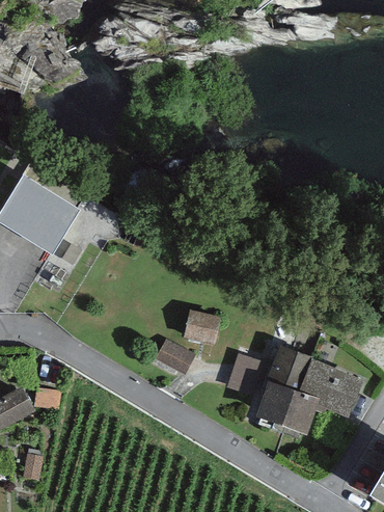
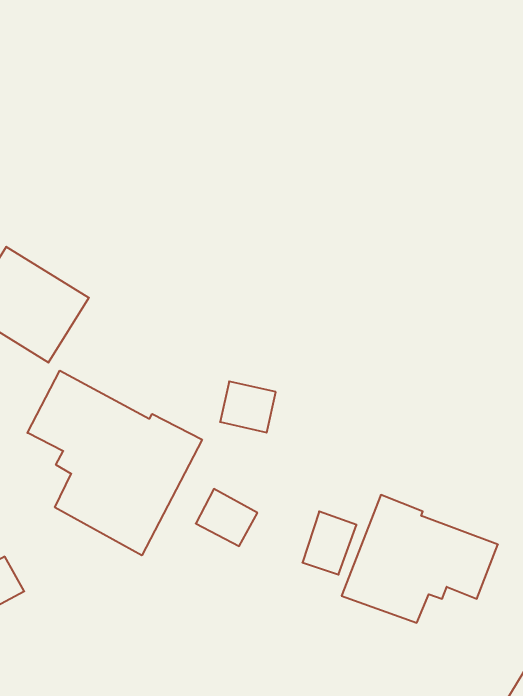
building: none -> [27,371,202,555]
building: [182,311,220,346] -> [220,381,276,433]

